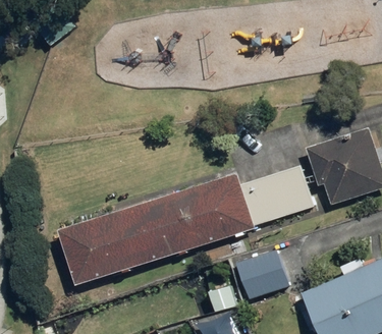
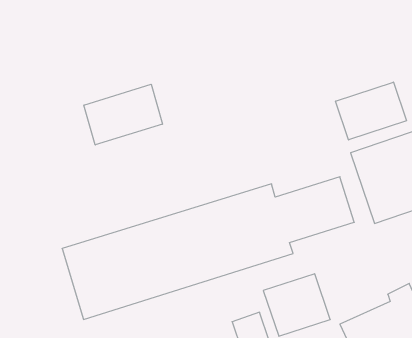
building: none -> [336,82,407,140]
building: none -> [84,84,162,145]

